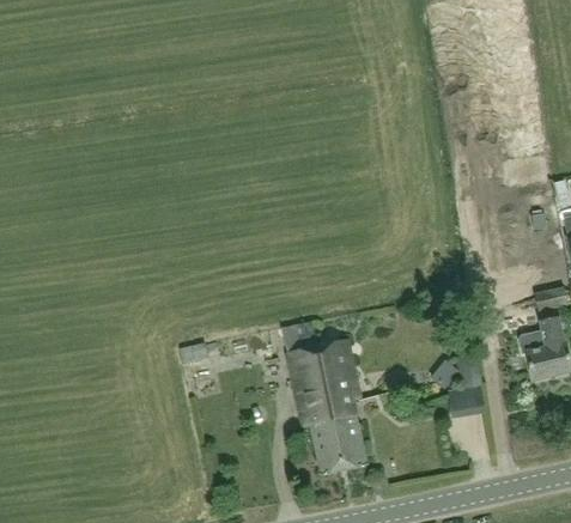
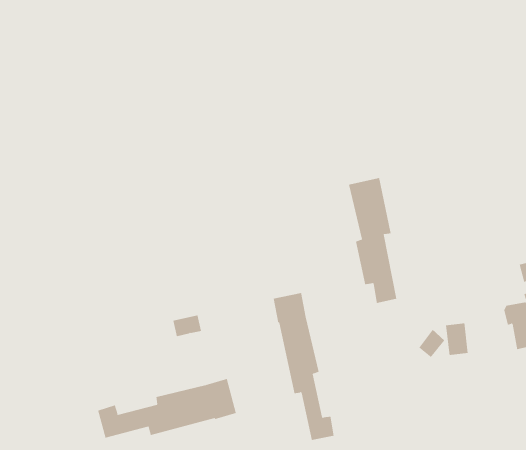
building: [316,339,366,468] -> [348,178,397,303]
building: none -> [98,378,237,438]

